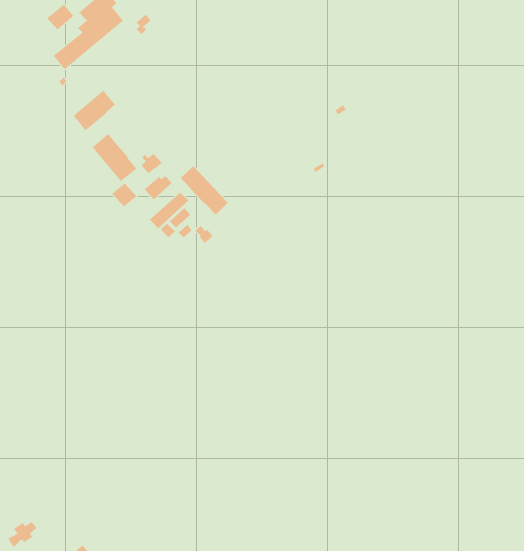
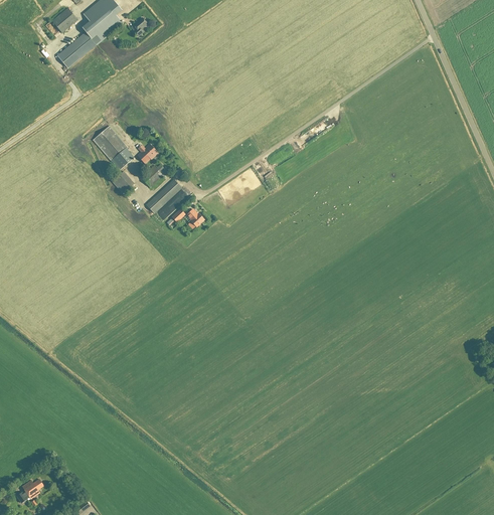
building: [73,90,116,131] -> none
building: [180,165,228,215] -> none

